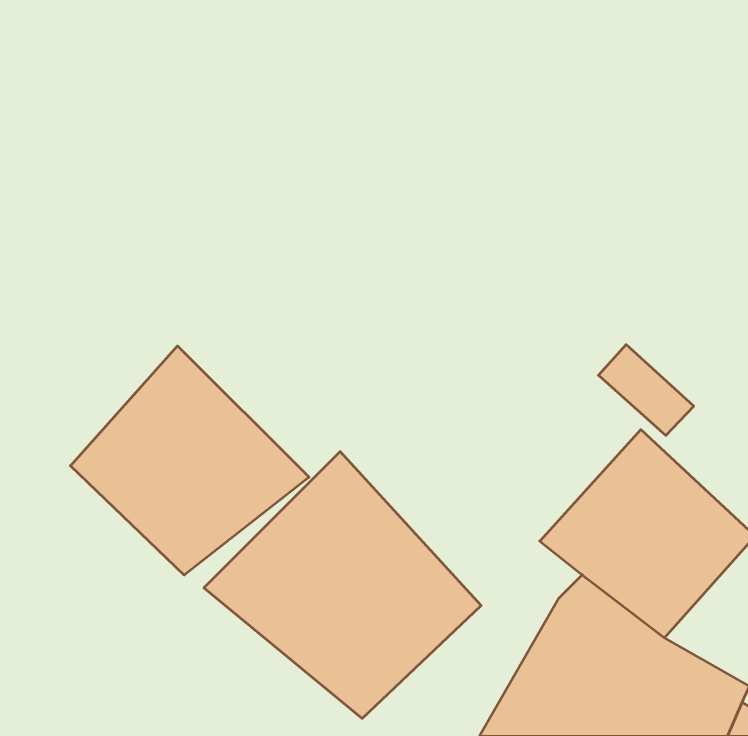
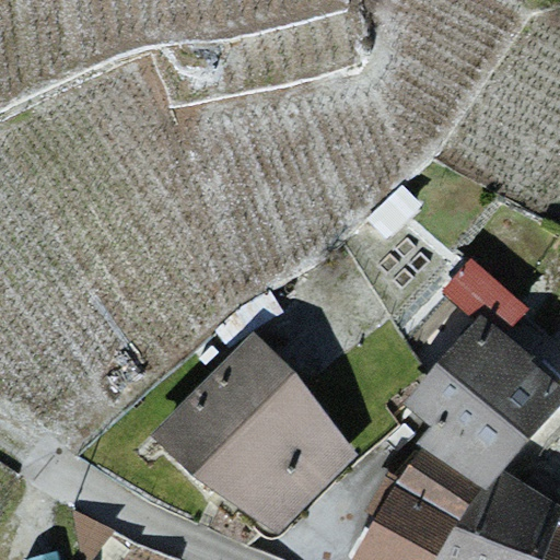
building: [70,346,309,575] -> none

